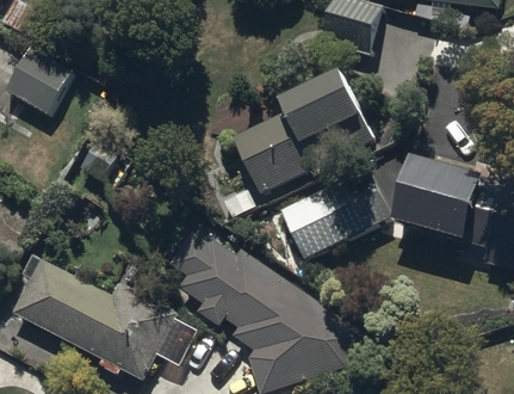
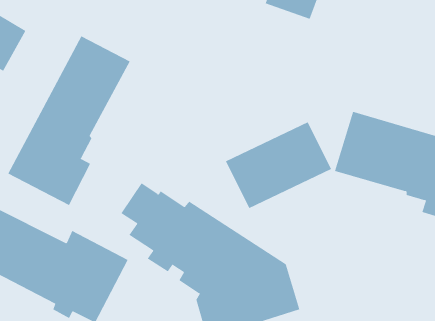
building: [230,66,372,191] -> none
building: none -> [8,35,130,206]

